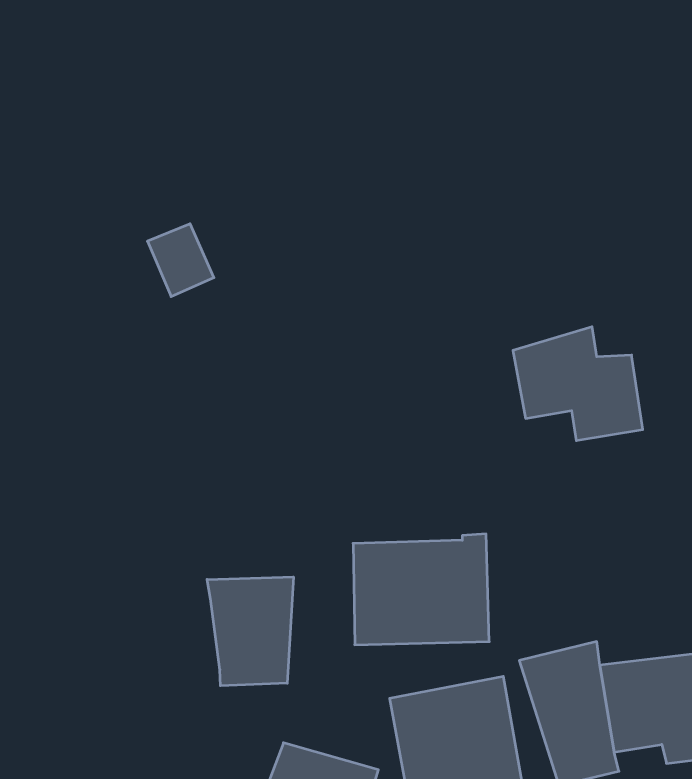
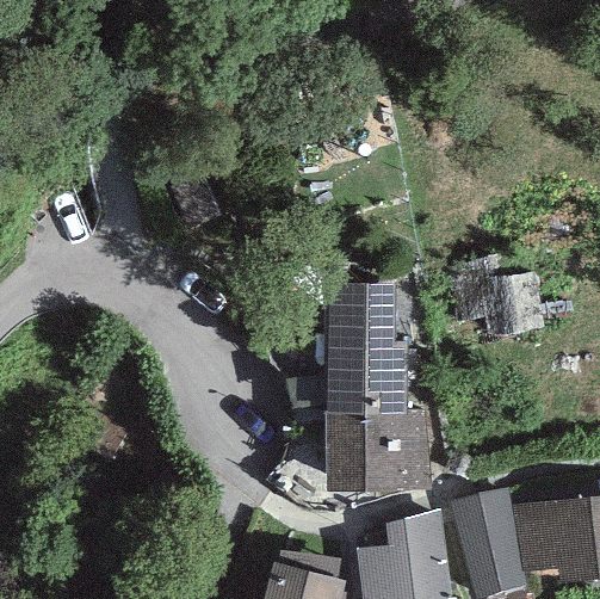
building: none -> [324,283,409,415]
building: [207,577,293,686] -> none

